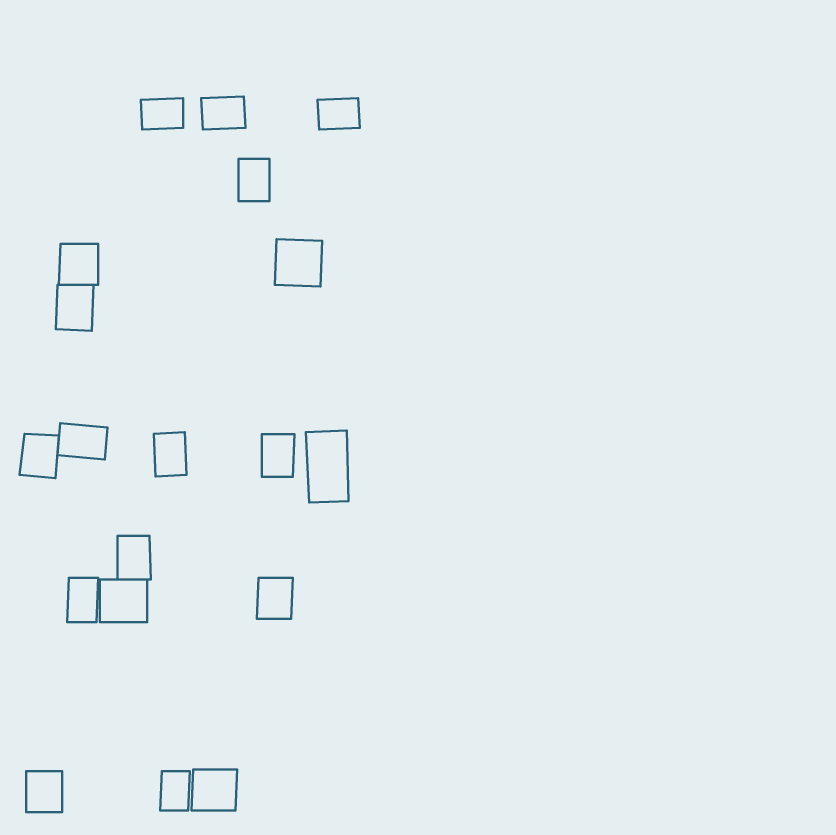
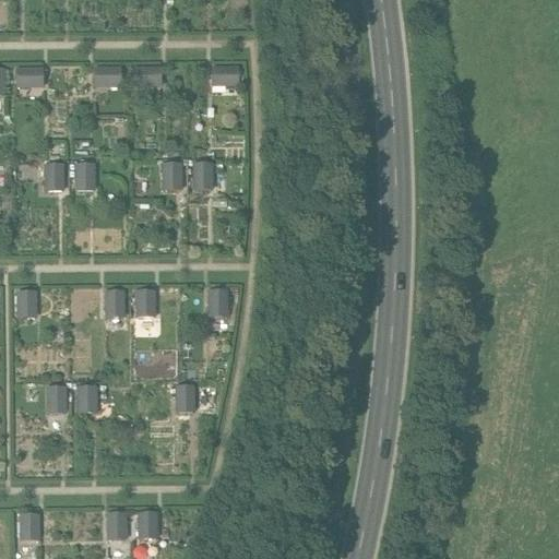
building: none -> [15,64,44,87]
building: [238,159,269,201] -> [162,162,182,190]
building: [56,285,93,331] -> [71,160,96,191]
building: [57,423,108,459] -> none
building: [262,434,295,477] -> [134,289,156,318]
building: [117,536,151,580] -> none

